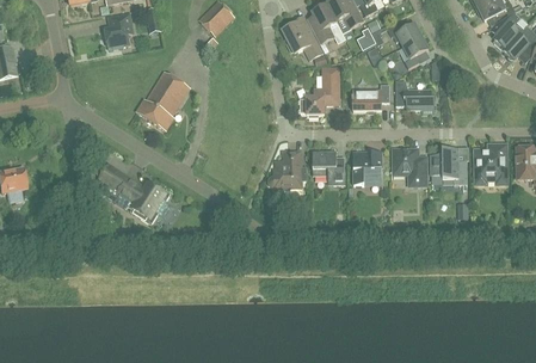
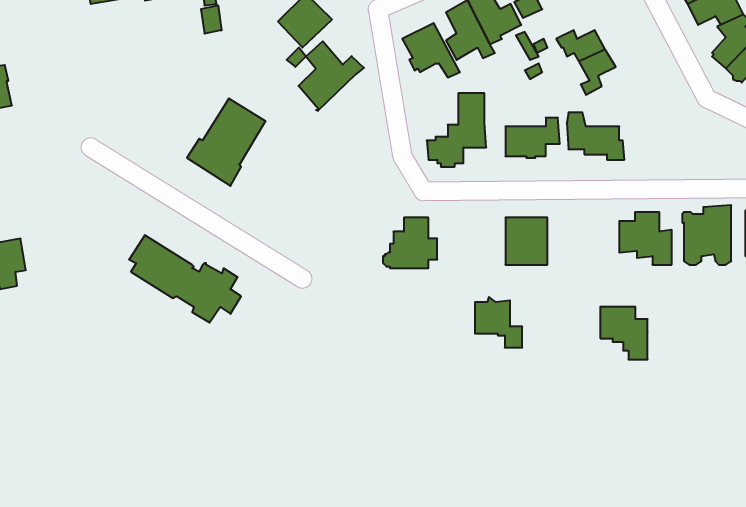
building: [104,13,131,49] -> none
building: none -> [298,41,364,111]
building: [312,148,344,183] -> [475,297,522,348]
building: [393,148,425,184] -> [600,307,648,359]

